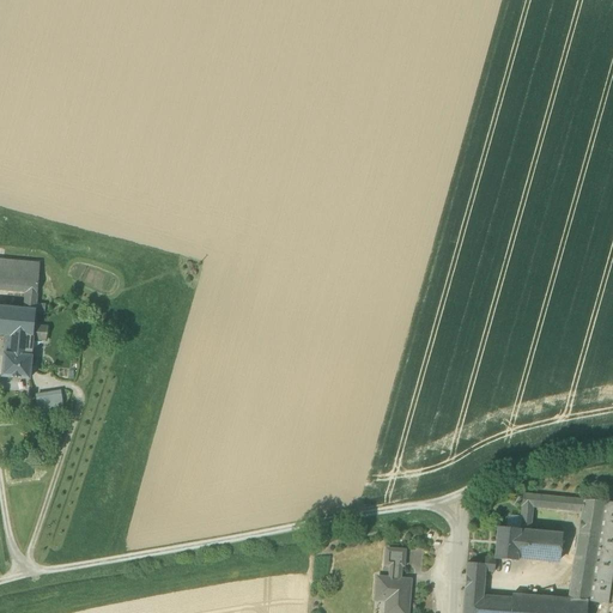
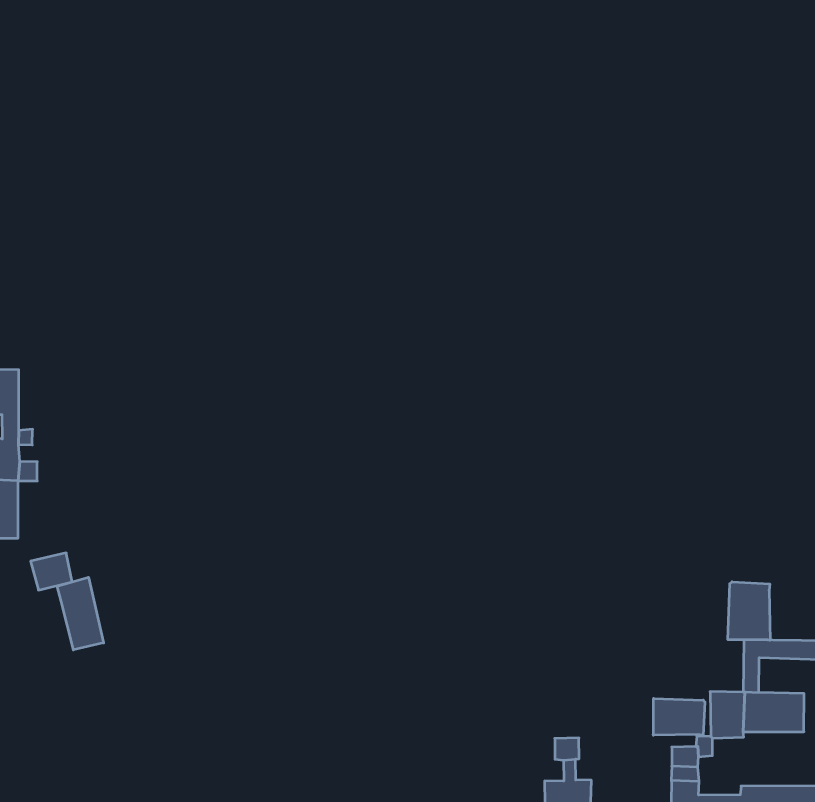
building: none -> [57,577,104,650]
building: none -> [728,582,770,640]
building: none -> [653,698,705,735]

